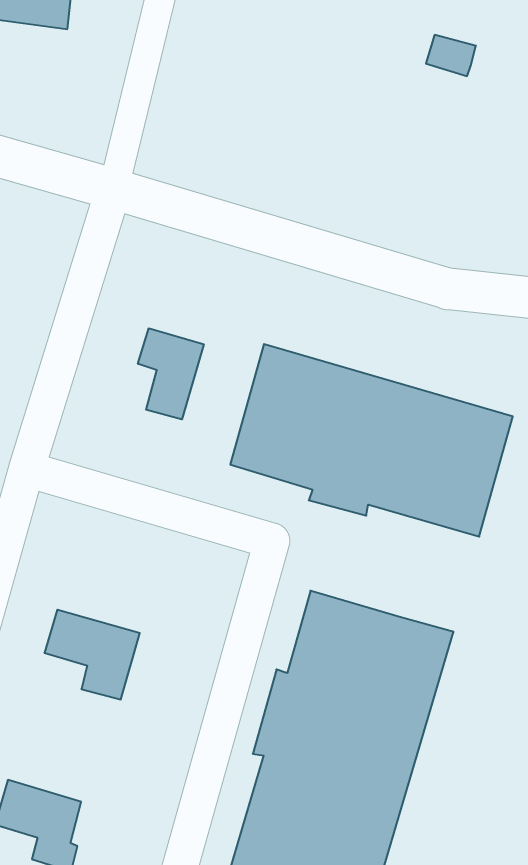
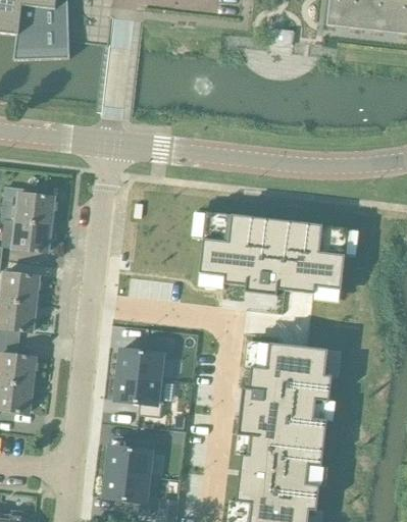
building: [138,328,204,419] -> none
building: none -> [118,338,169,379]
building: none -> [107,436,158,476]

